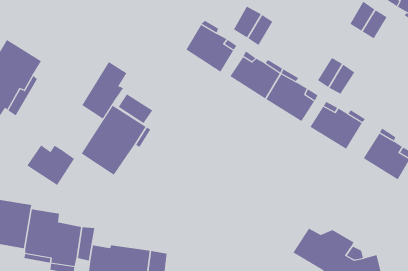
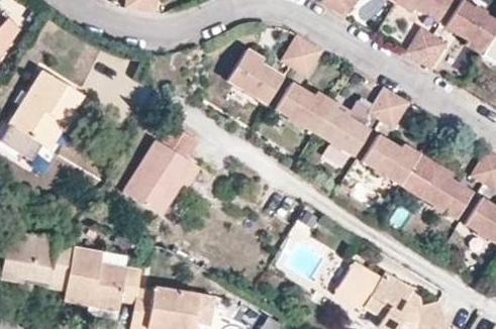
building: [82,61,127,119] -> none
building: [27,144,75,186] -> none

